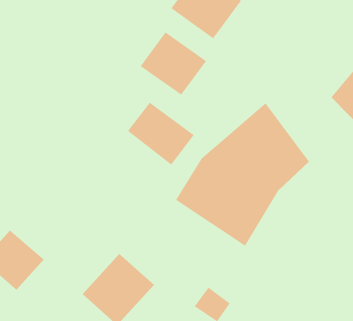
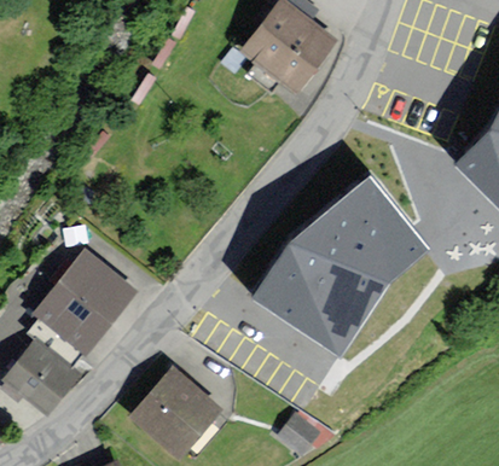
building: [140,32,207,96] -> none
building: [127,102,194,165] -> none
building: none -> [31,255,132,357]

